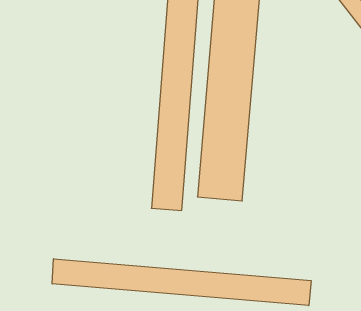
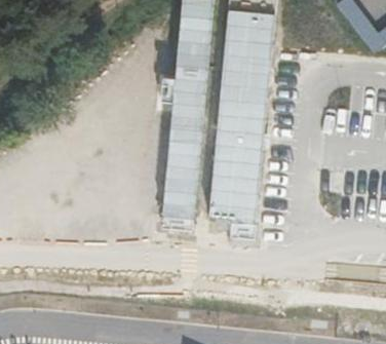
building: [52,259,311,306] -> none

